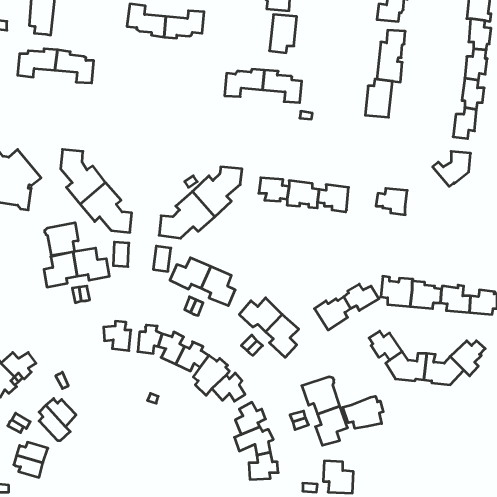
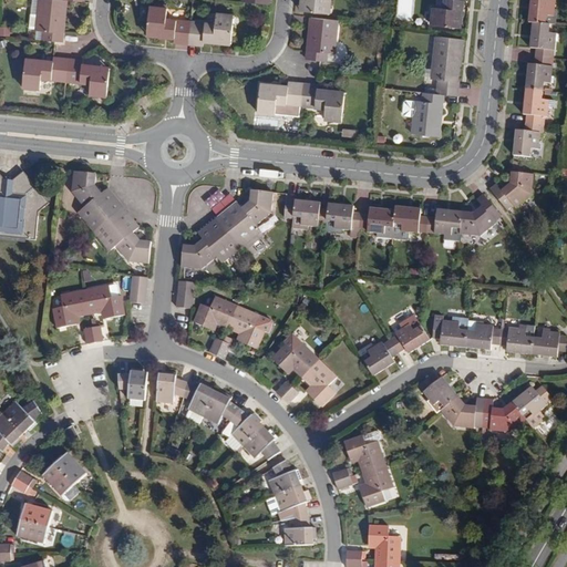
building: none -> [460,195,502,236]
building: none -> [393,208,429,240]
building: [45,223,78,256] -> none
building: [343,396,383,428] -> none

